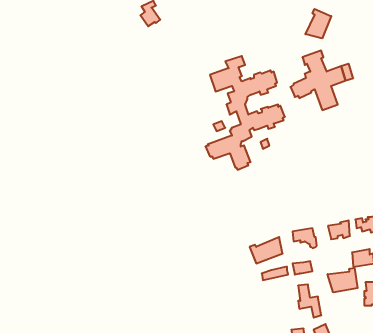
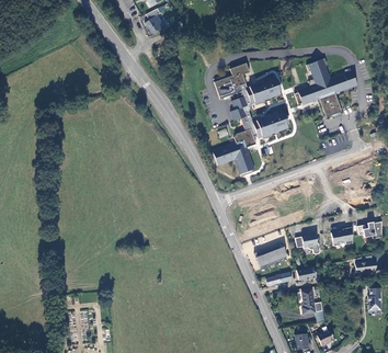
building: [305,9,331,38] -> none
building: [328,268,358,292] -> none

